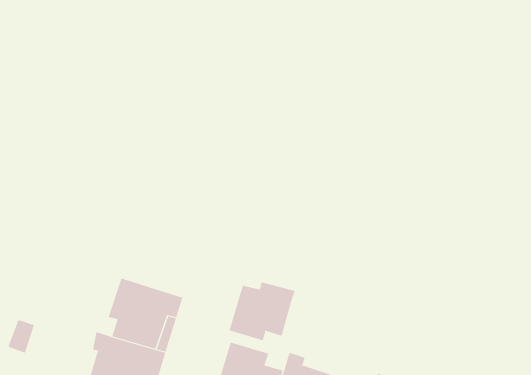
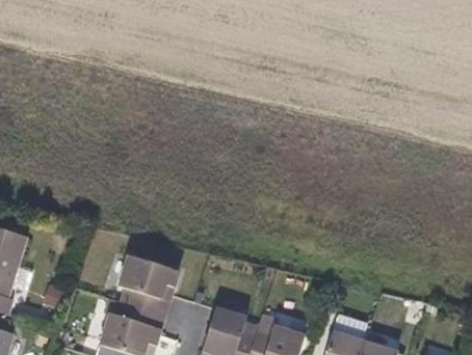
building: [229,281,296,341] -> none

